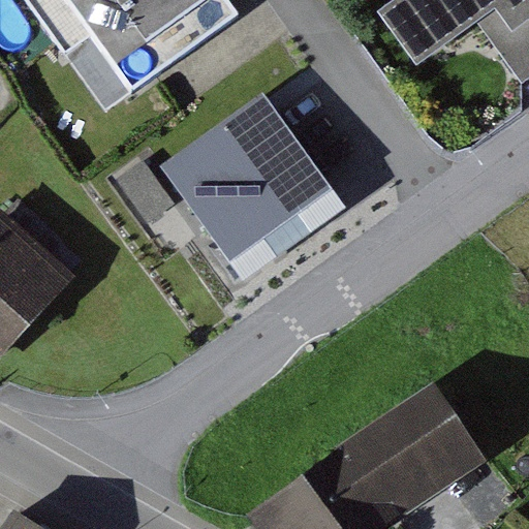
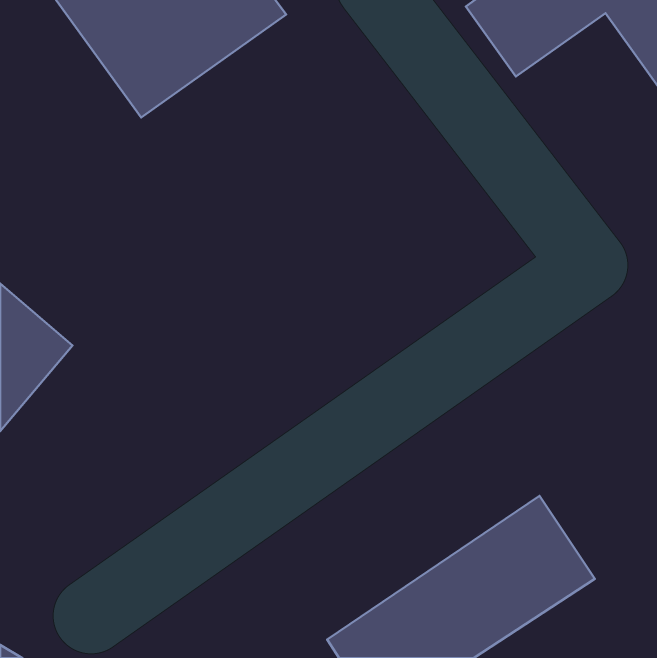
building: [162,96,326,255] -> none

